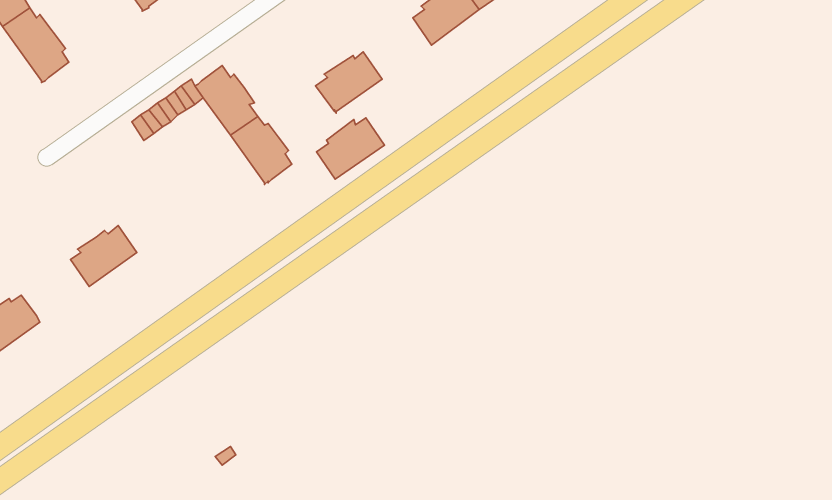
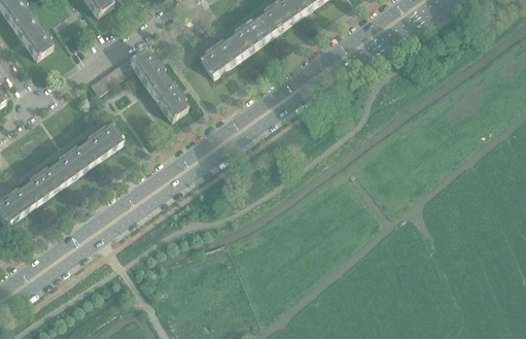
building: [316,118,385,179] -> [230,16,271,54]
building: none -> [81,122,122,159]
building: none -> [23,163,64,201]

